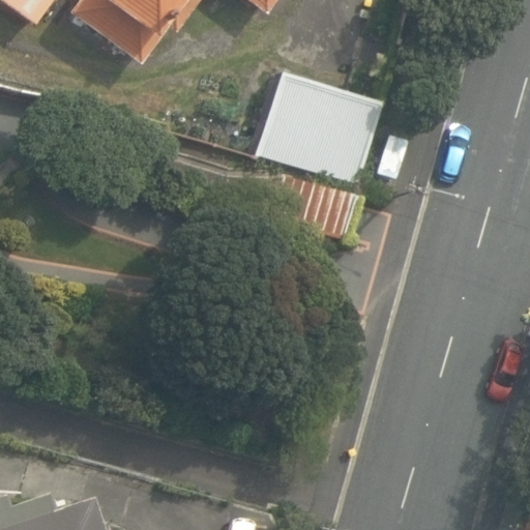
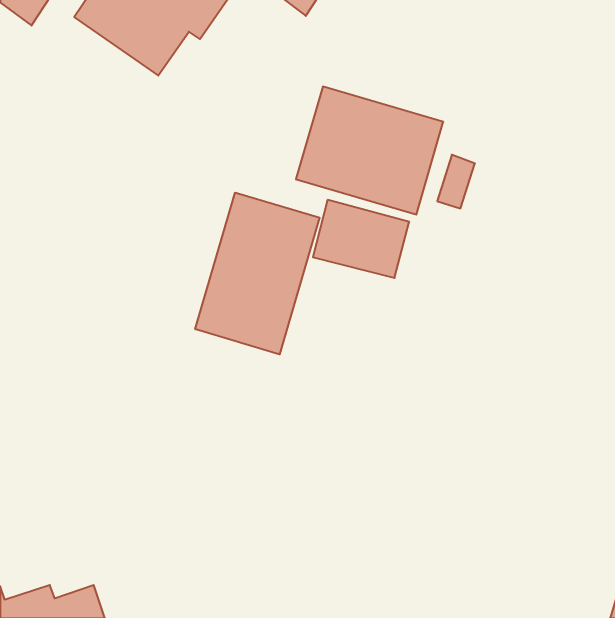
building: none -> [195,193,320,354]

